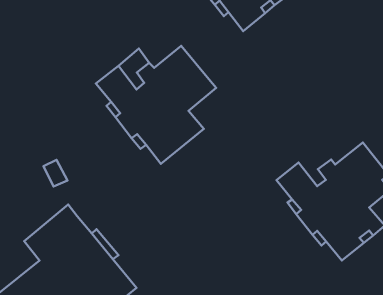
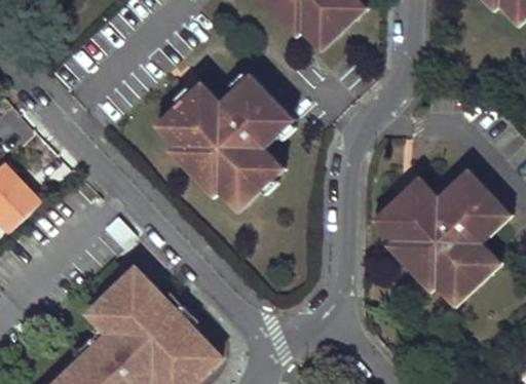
building: none -> [396,176,433,223]

